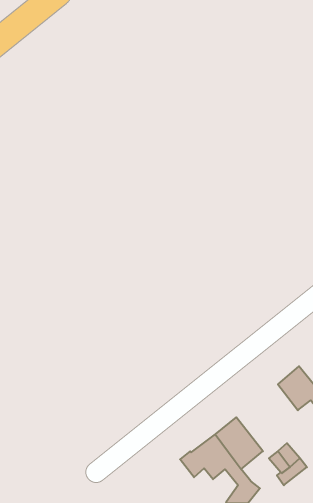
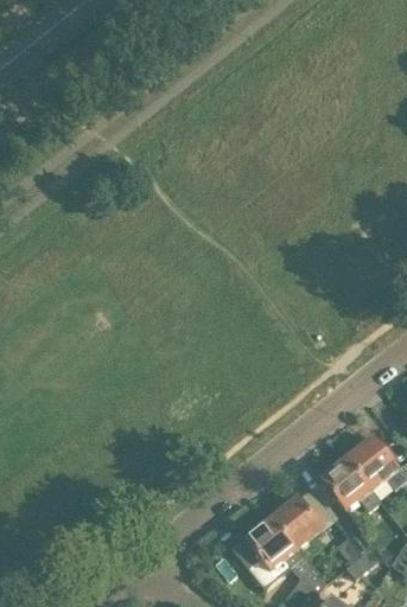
building: none -> [322,456,382,509]

